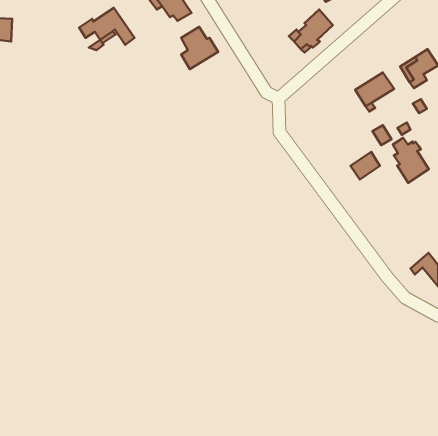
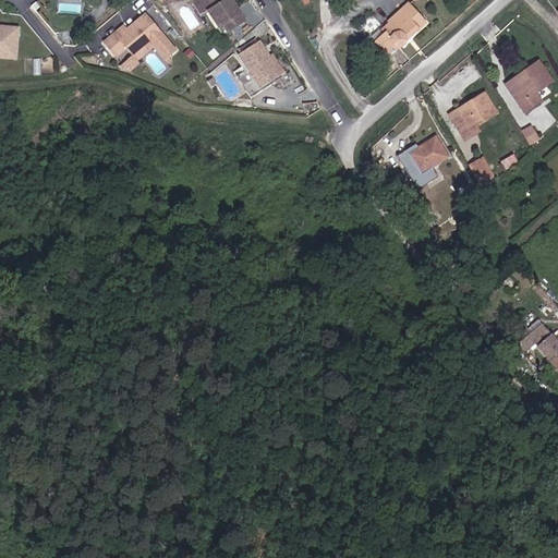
building: [393,138,429,183] -> none
building: [350,152,380,180] -> [413,141,450,175]

